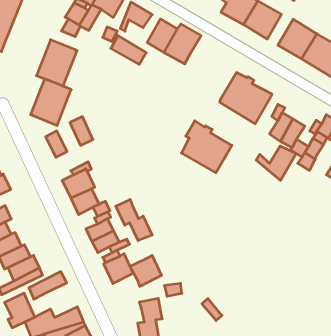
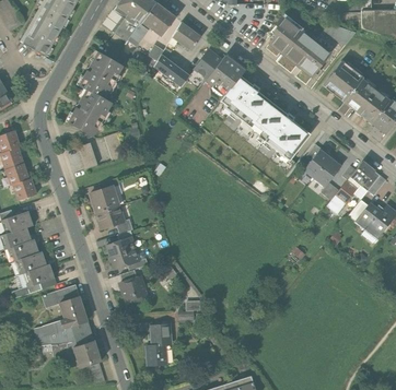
building: [181,121,232,173] -> [226,78,278,132]
building: [256,146,296,180] -> none
building: [116,199,152,241] -> none
building: [130,255,161,286] -> none
building: [5,293,35,328] -> [60,295,89,328]

